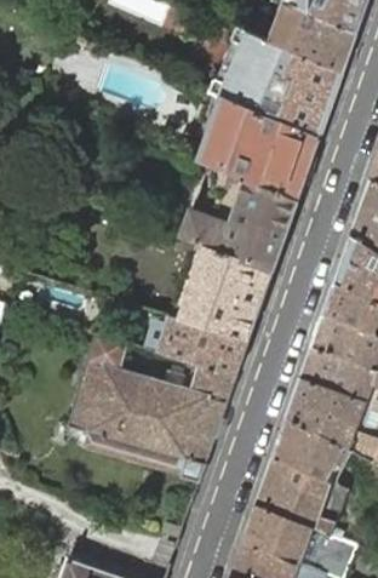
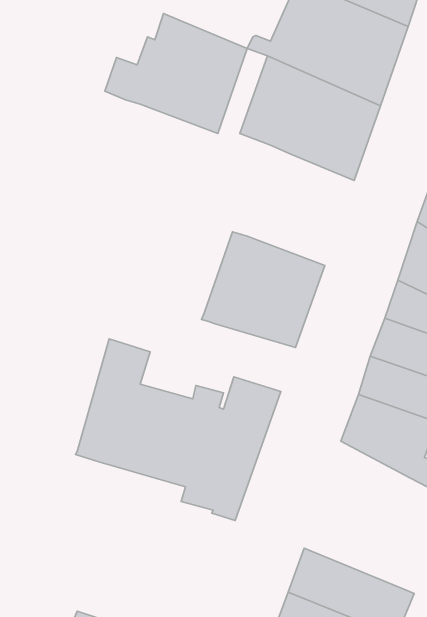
building: [179,173,297,273] -> [105,13,247,134]
building: [165,319,248,377] -> none
building: [256,418,348,540] -> none

